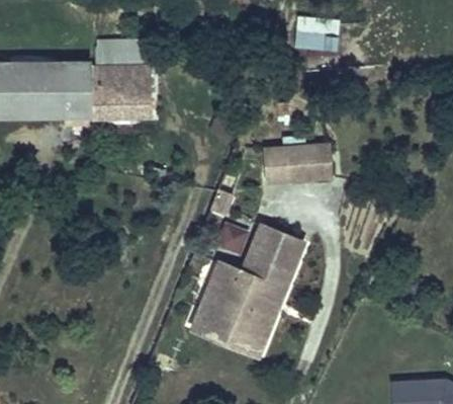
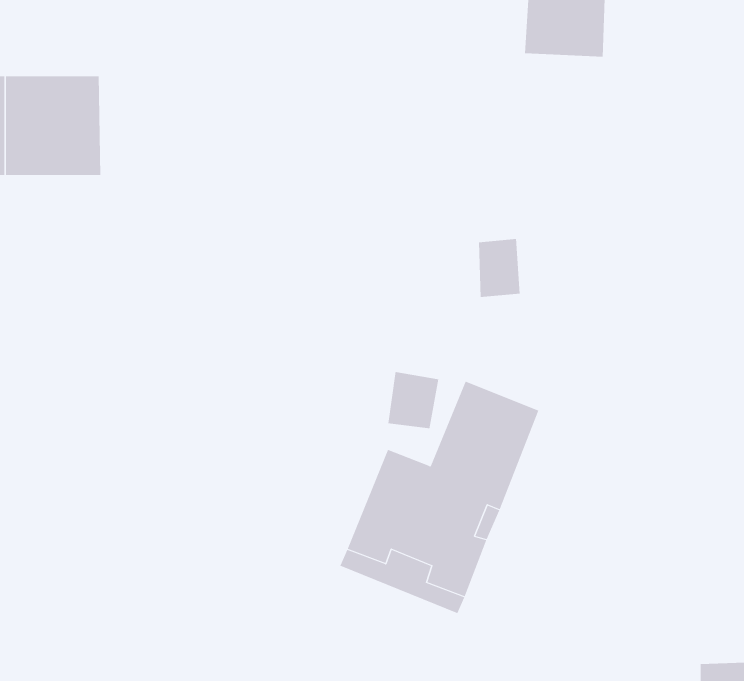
building: [62,39,150,115] -> none
building: [290,148,331,180] -> none

